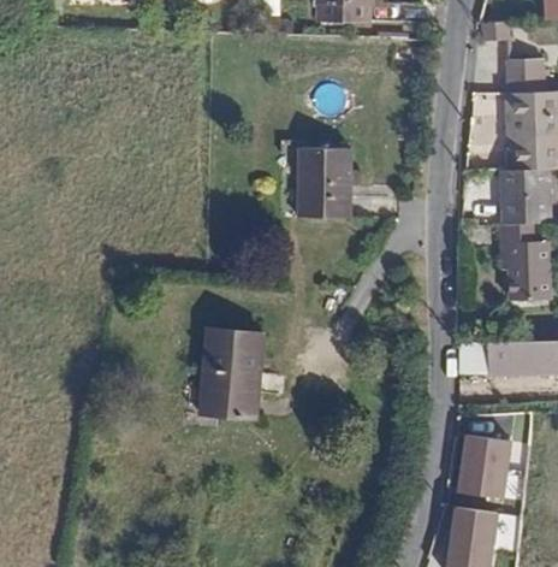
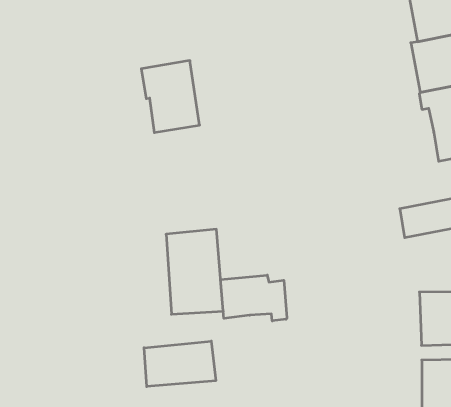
building: [298,148,351,218] -> [141,61,200,133]
building: none -> [221,275,287,321]
building: none -> [144,341,216,387]

